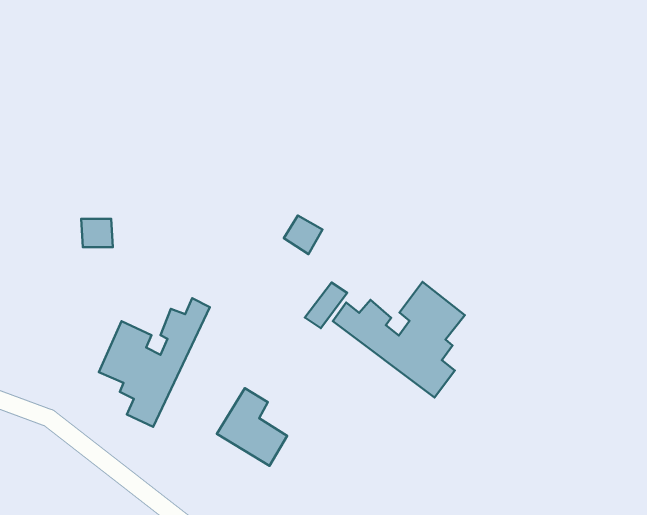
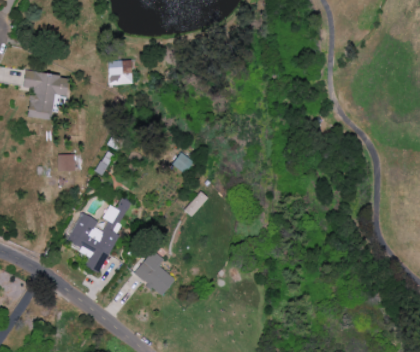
building: none -> [110,61,132,85]
building: none -> [23,72,70,120]
building: [333,282,465,398] -> none

